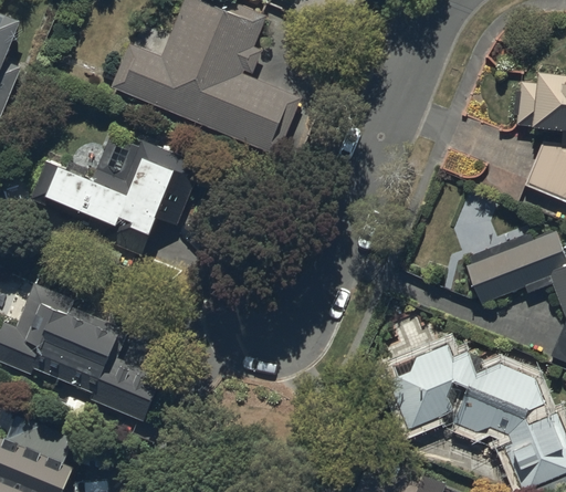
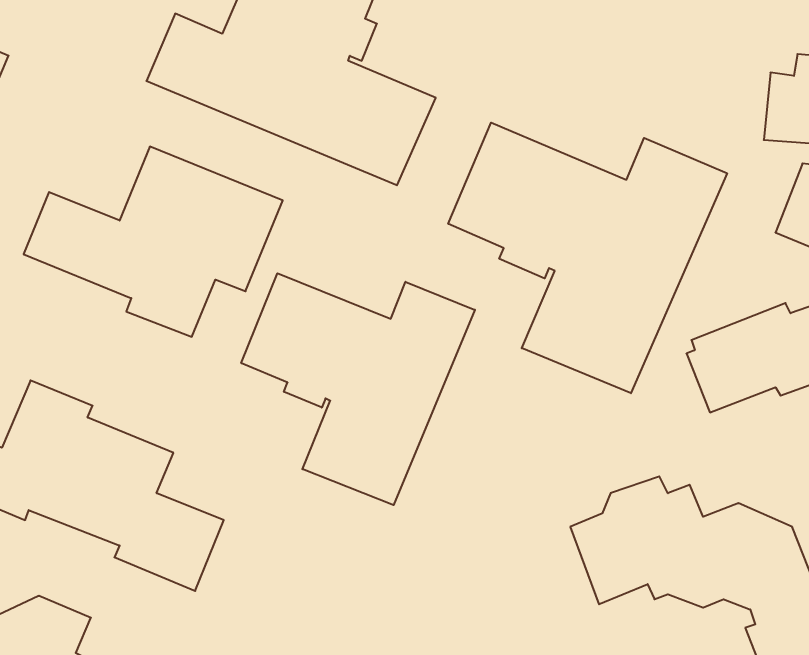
building: none -> [448,123,727,393]
building: none -> [241,273,475,505]

